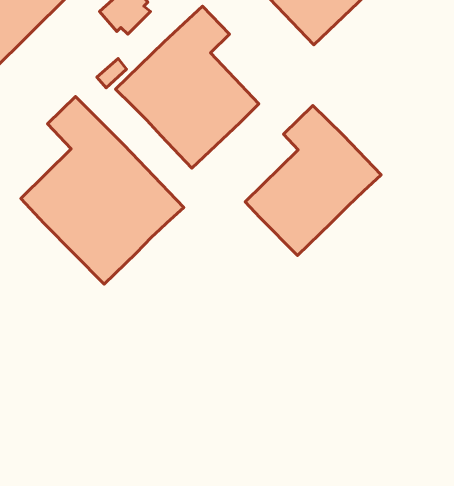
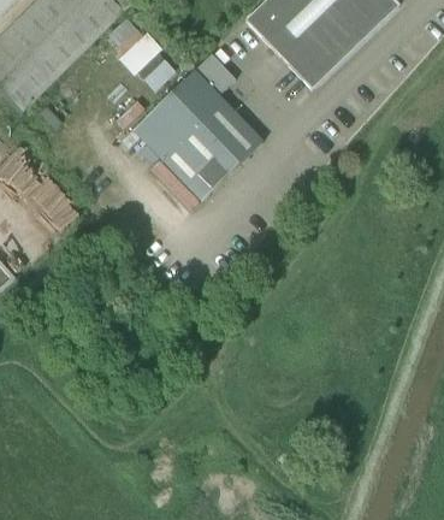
building: [21,97,184,284] -> none
building: [245,105,381,255] -> none

